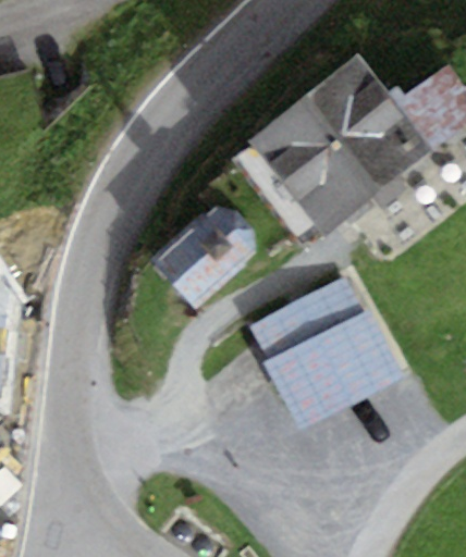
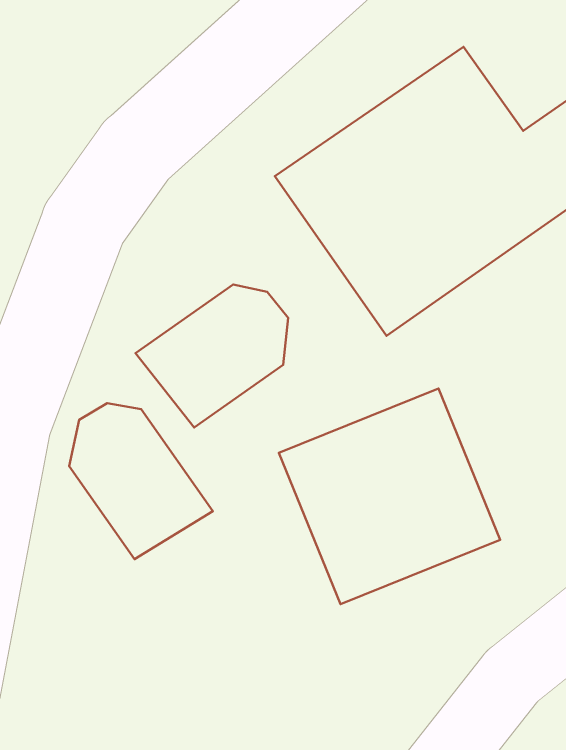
building: none -> [69,403,213,559]

